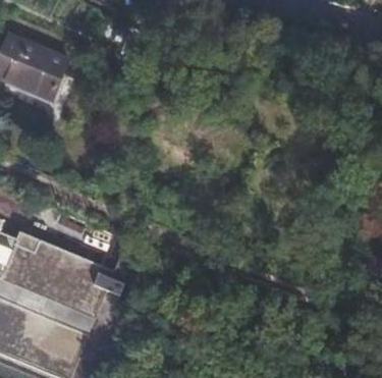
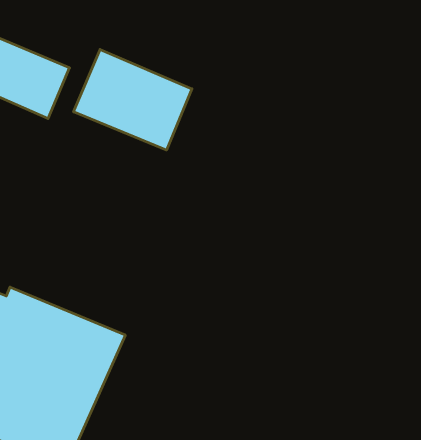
building: none -> [74,49,192,150]

